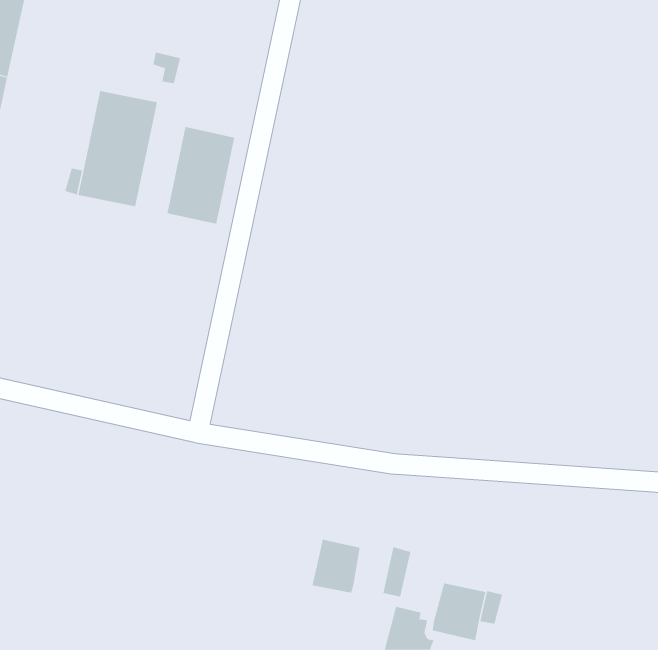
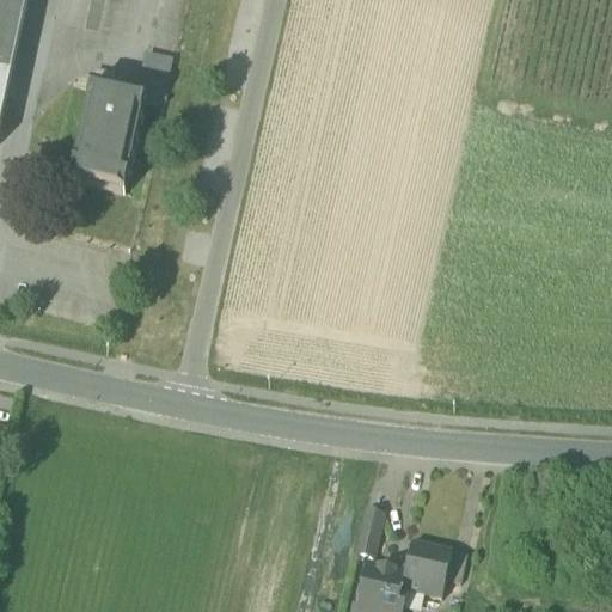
building: [167,126,235,225] -> none
building: [312,539,360,594] -> none

